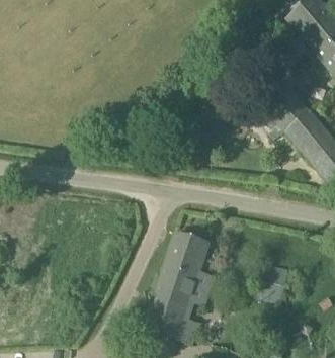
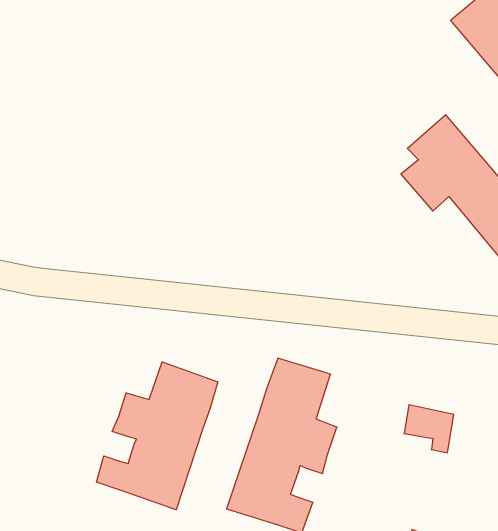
building: none -> [96,362,218,510]

